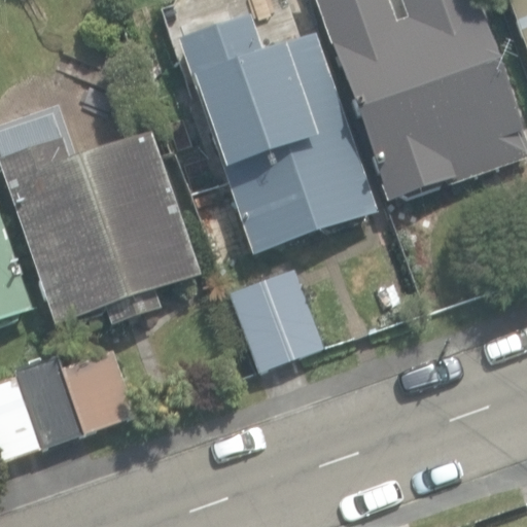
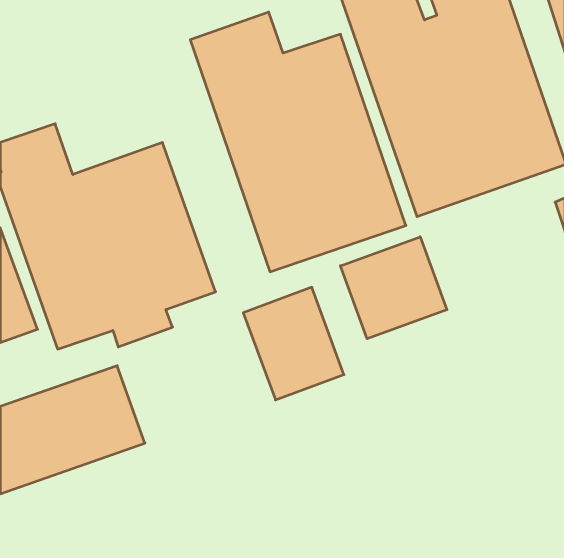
building: none -> [340,237,447,339]

